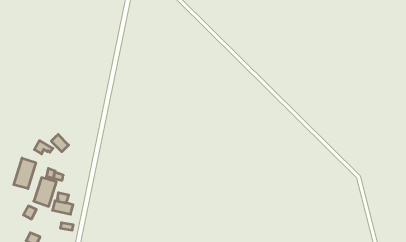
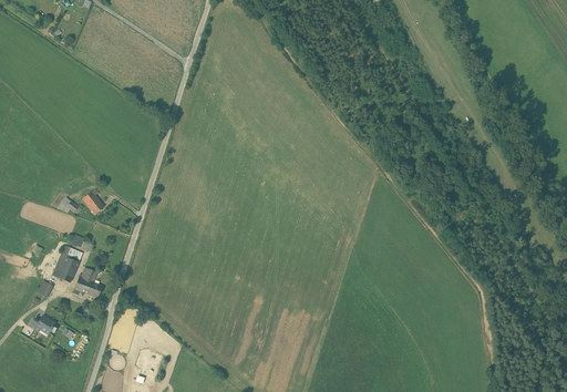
building: [14,158,36,189] -> none

